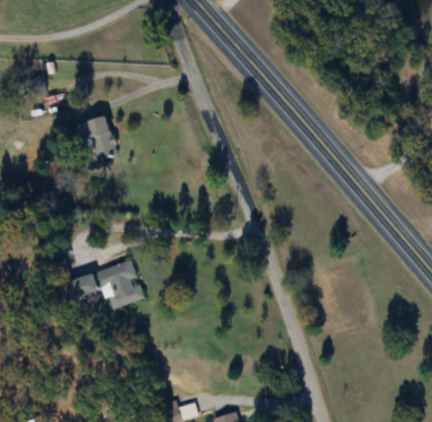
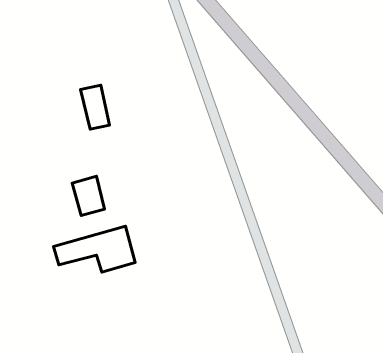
building: none -> [72,176,104,216]

